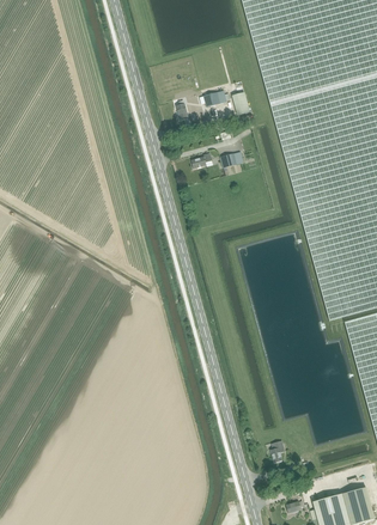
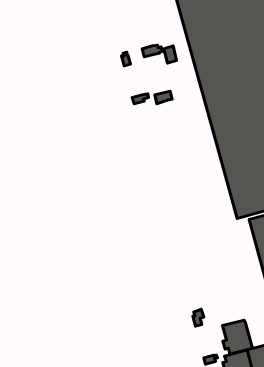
building: none -> [222,320,252,354]

